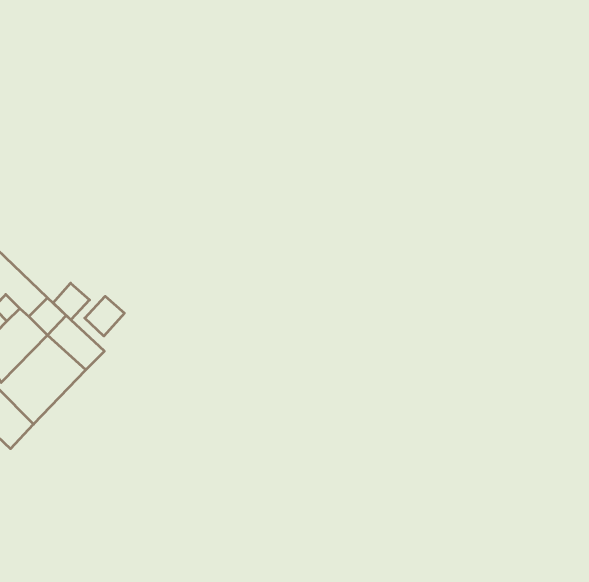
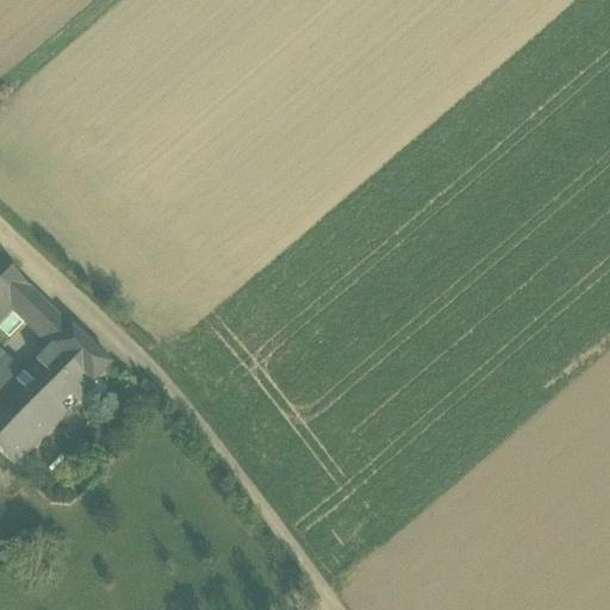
building: [53,283,90,320] -> none
building: [85,296,124,336] -> none

